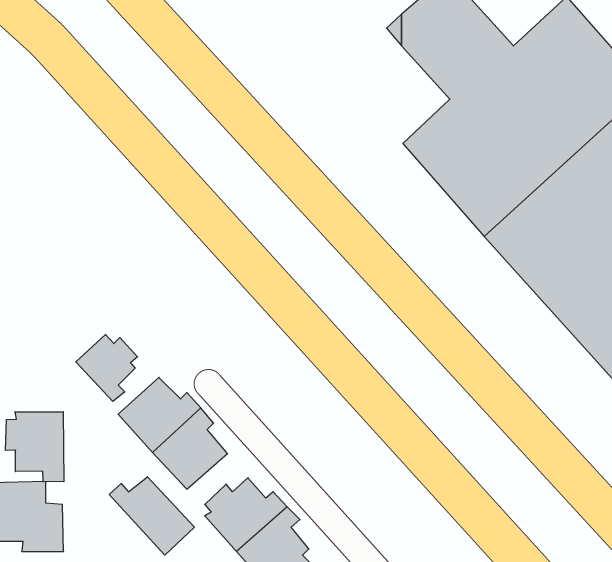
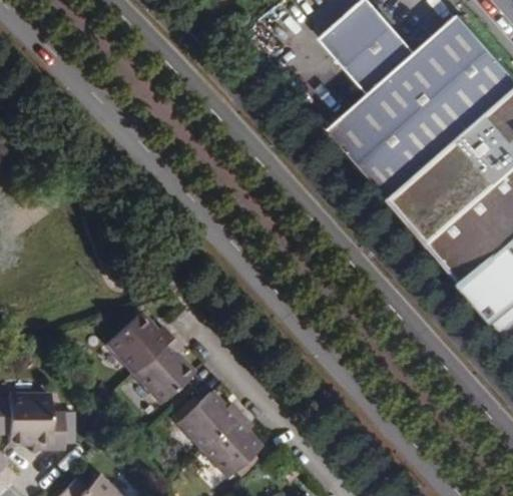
building: [76,334,138,401] -> none
building: [6,412,64,482] -> none
building: [109,477,194,555] -> none

